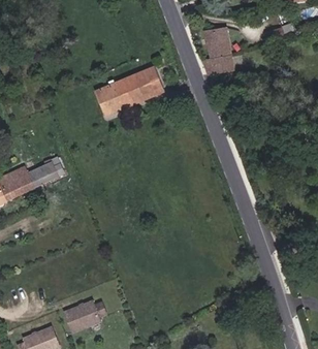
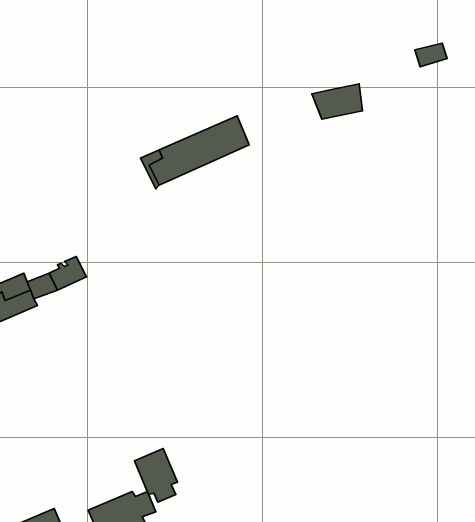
building: [205,29,229,57] -> none
building: none -> [134,448,177,502]

